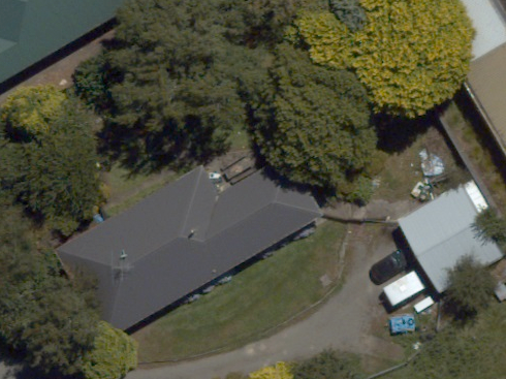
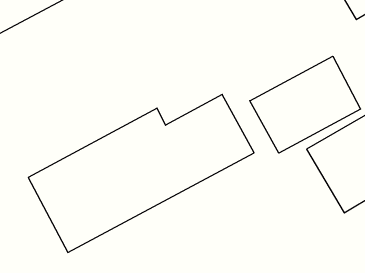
building: none -> [250,56,361,153]

